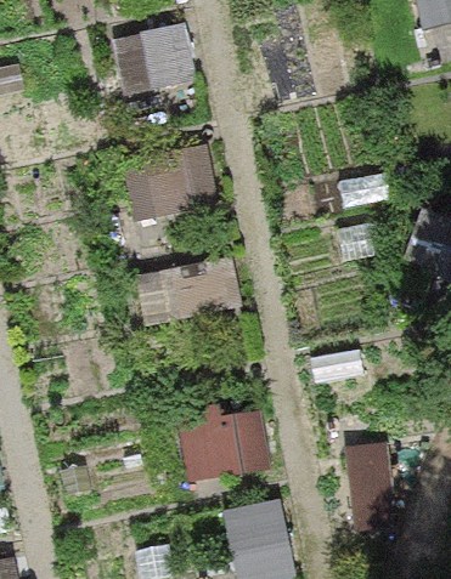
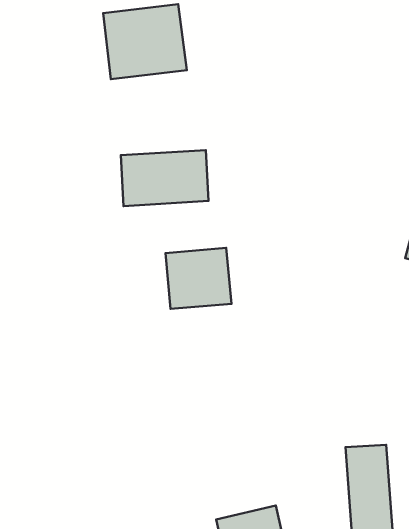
building: [179,409,270,482] -> none

